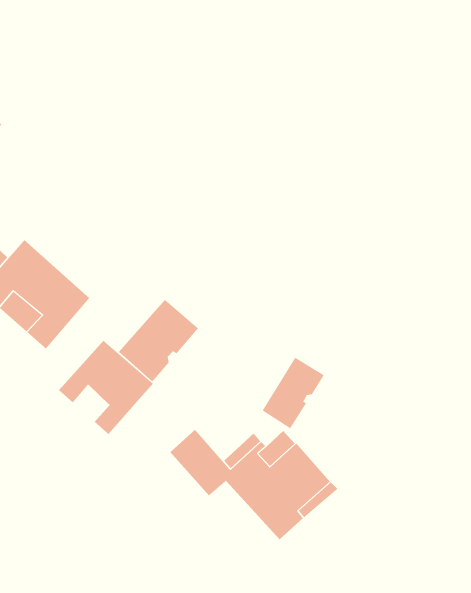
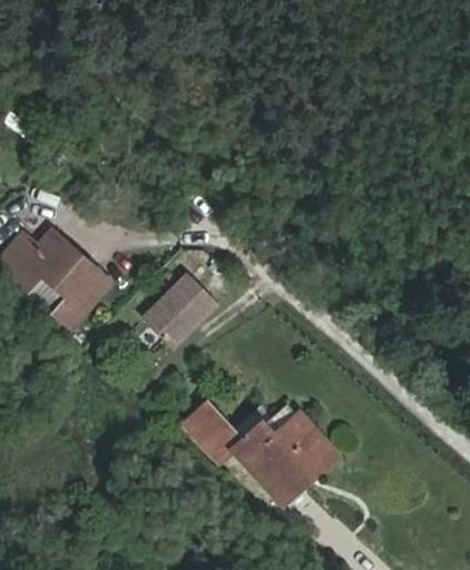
building: [58,340,154,435] -> none
building: [262,357,325,429] -> none

